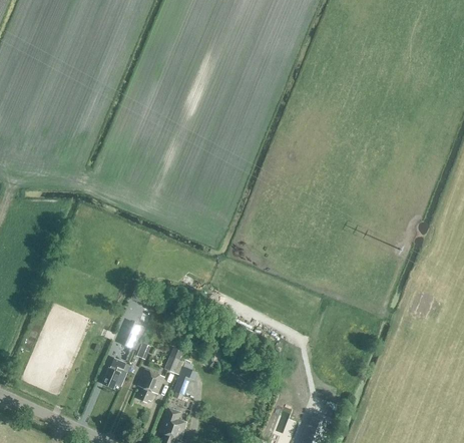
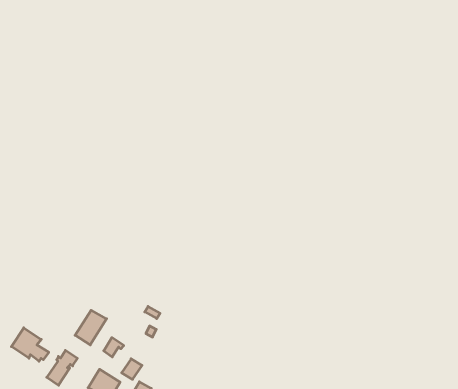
building: none -> [11,328,49,361]

